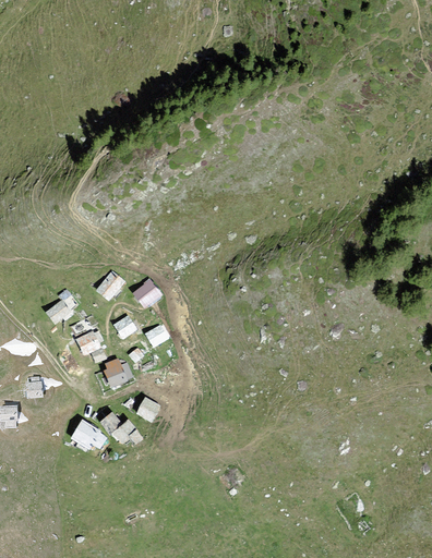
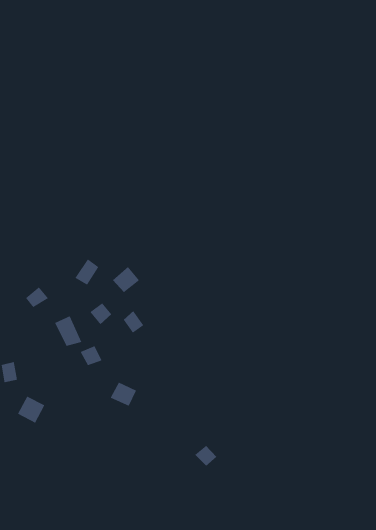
building: [104,413,136,441] -> none
building: [72,420,100,448] -> [17,396,45,424]

